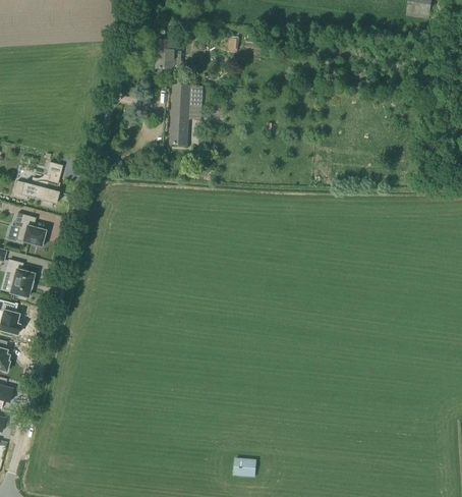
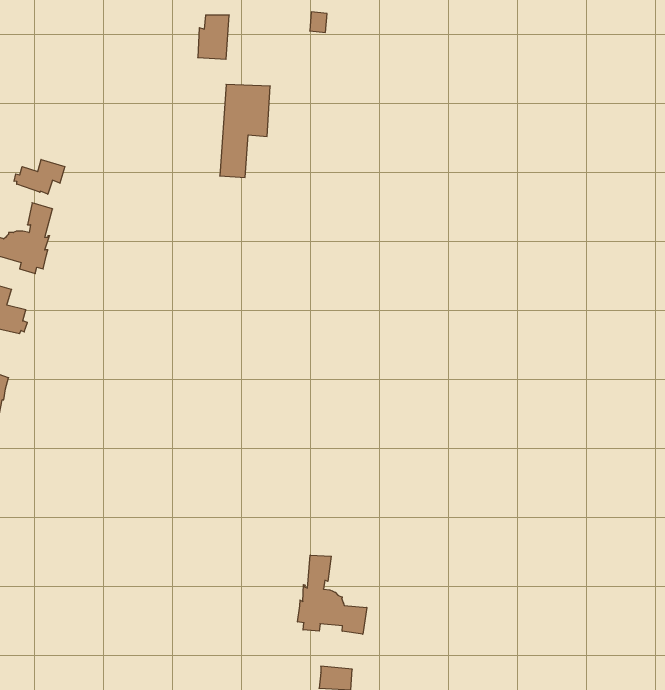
building: none -> [14,159,65,194]
building: none -> [298,555,367,634]

